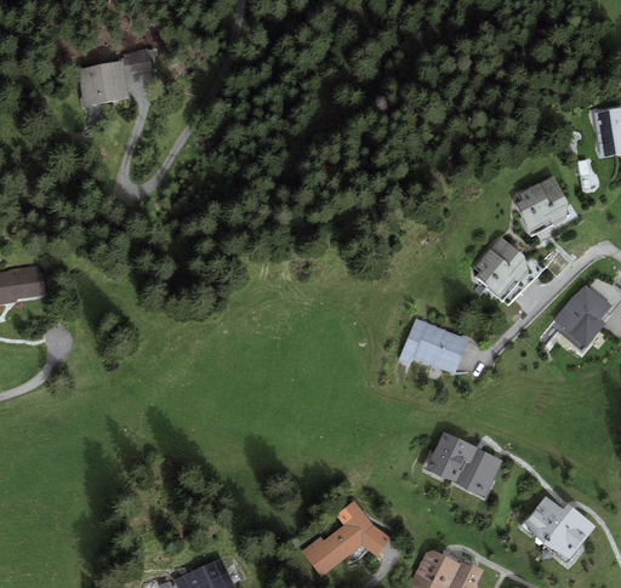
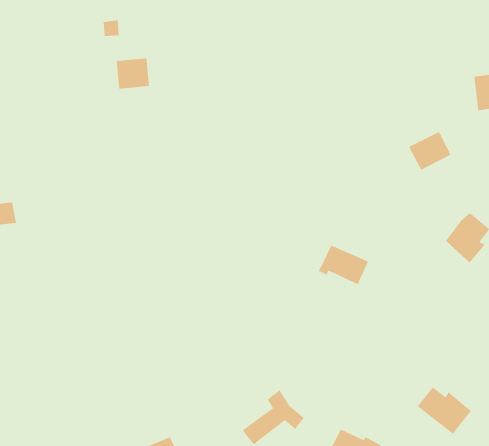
building: [90,62,132,101] -> [116,58,150,89]
building: [469,241,523,296] -> none
building: [427,434,497,491] -> none

